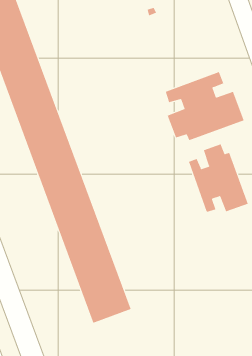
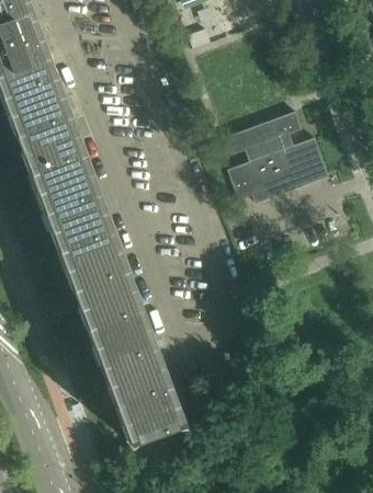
building: [187,144,249,213] -> none

